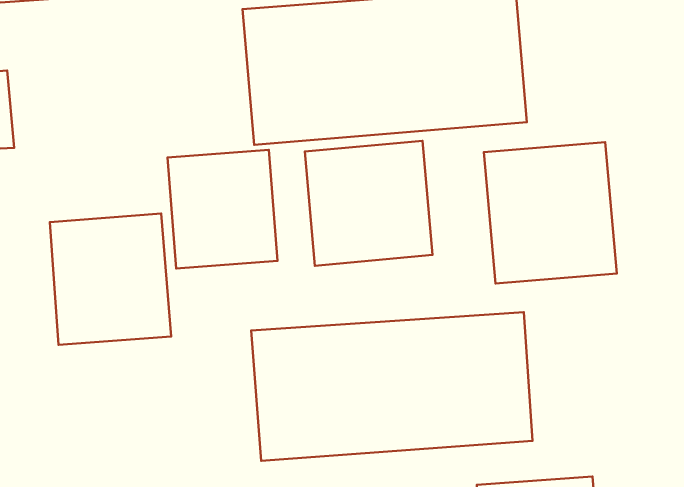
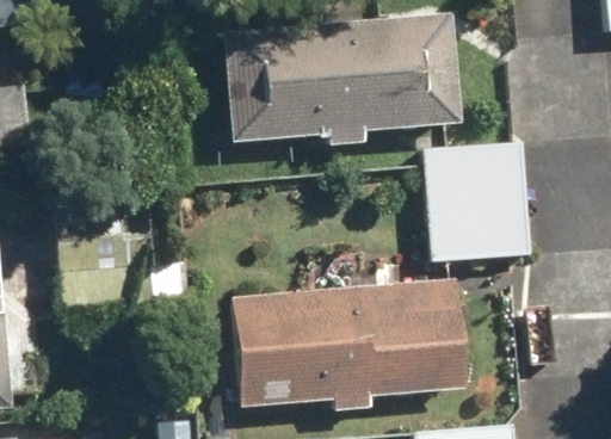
building: [305,141,433,266] -> none
building: [167,150,278,268] -> none

